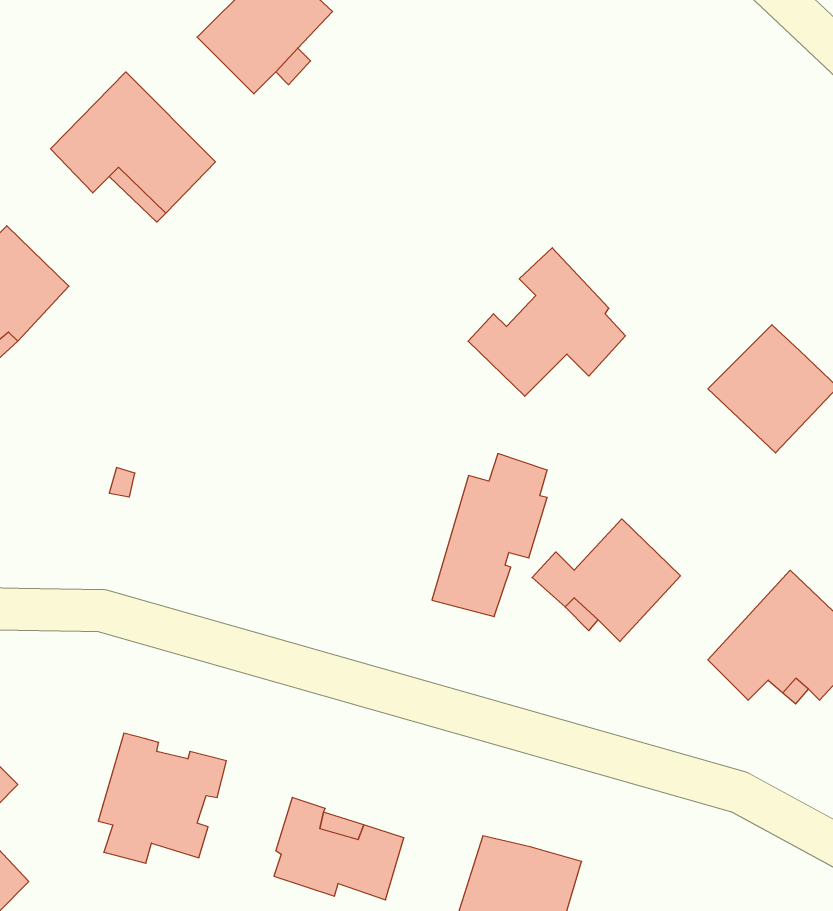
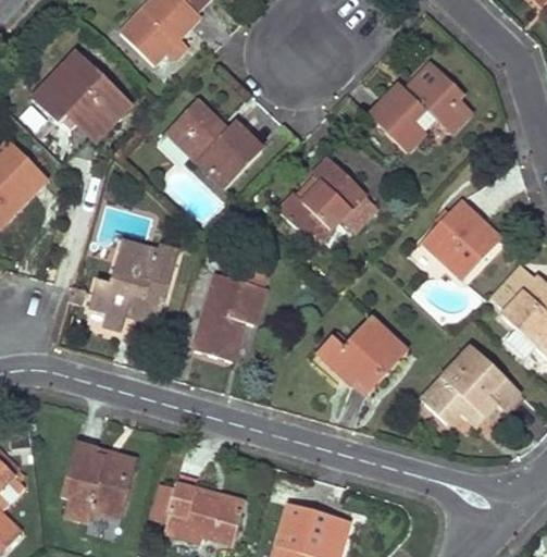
building: none -> [370,63,470,150]
building: none -> [169,99,262,185]
building: none -> [90,240,177,327]
building: [432,454,547,617] -> [196,260,264,357]

